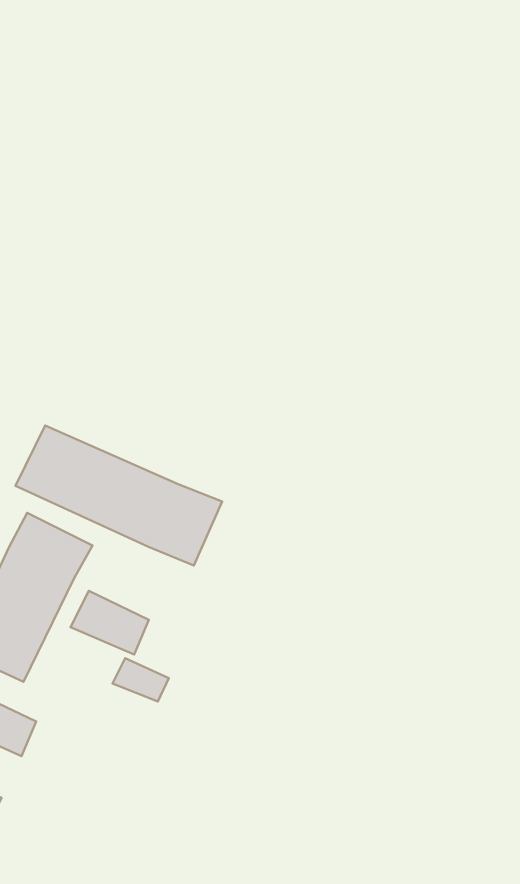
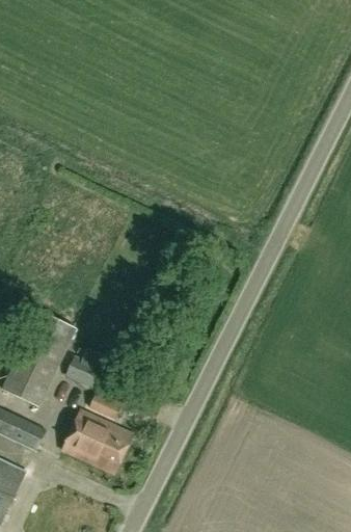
building: [15,426,222,566] -> none
building: none -> [61,409,133,474]

